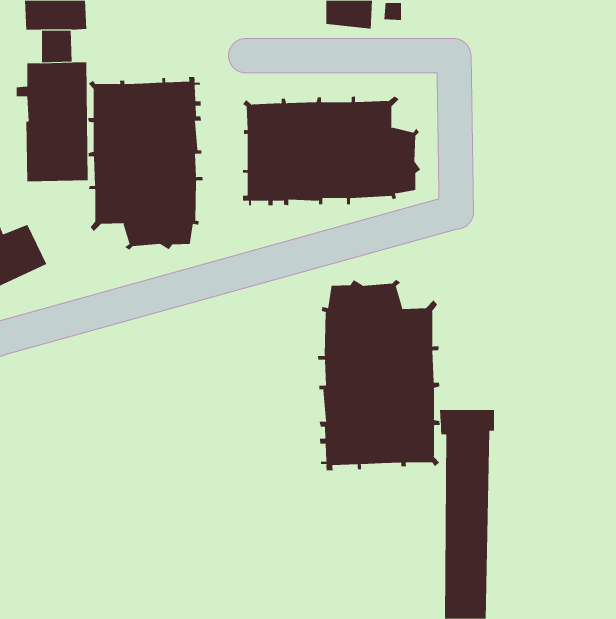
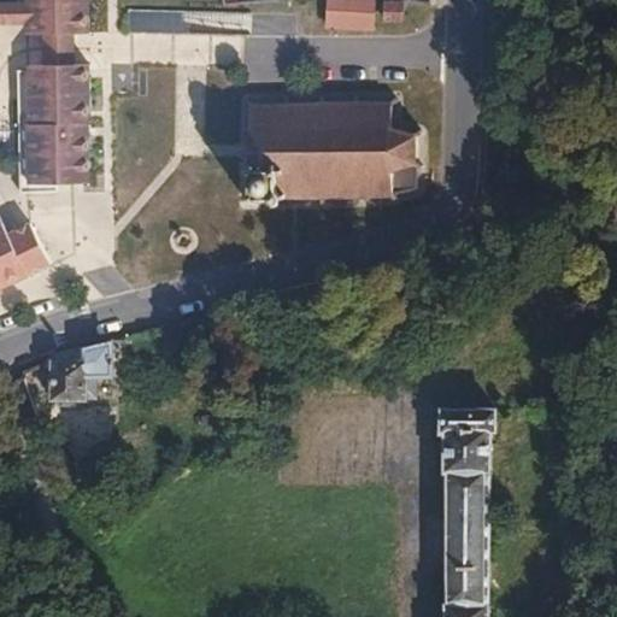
building: [88,76,203,250] -> none
building: [318,279,440,471] -> none
building: none -> [48,340,111,399]

